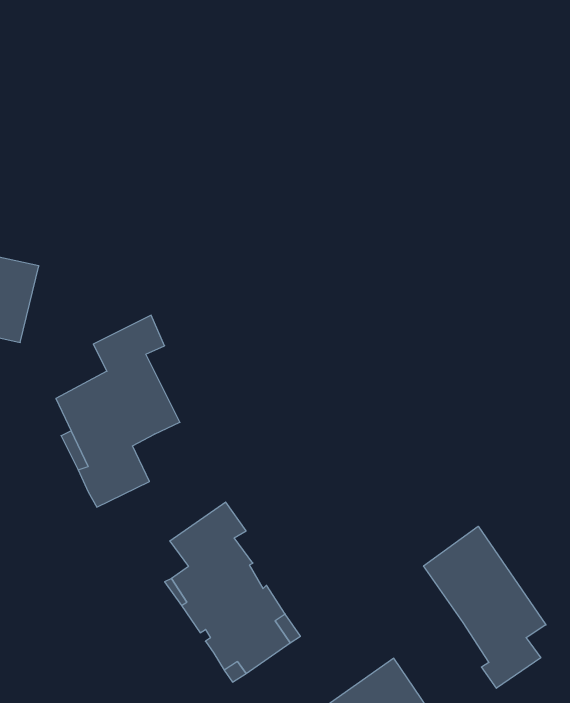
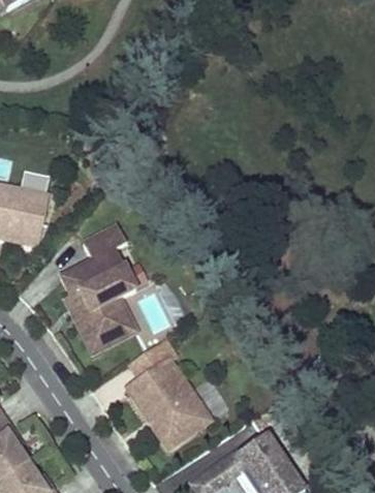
building: none -> [87,296,138,352]
building: [424,526,546,688] -> none

